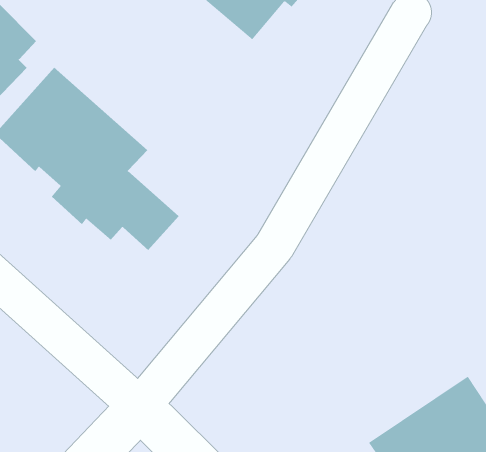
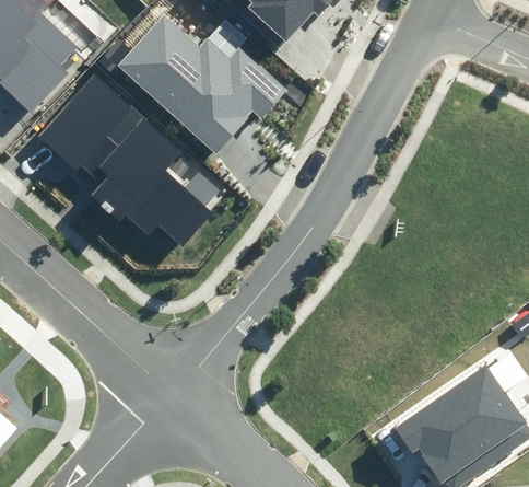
building: none -> [117,14,286,152]

